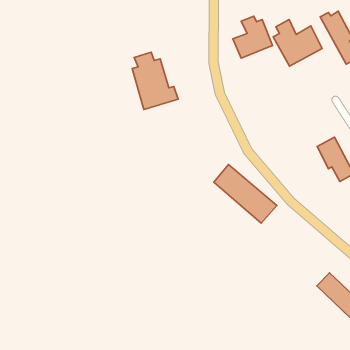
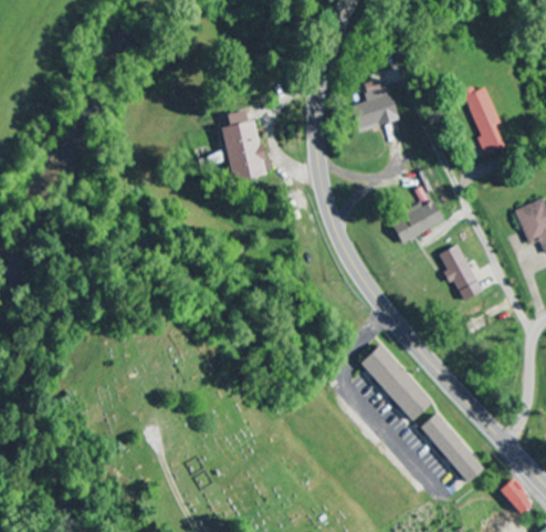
building: [273,20,322,66] -> none
building: none -> [391,199,445,242]
building: [214,164,277,223] -> [357,343,432,421]

